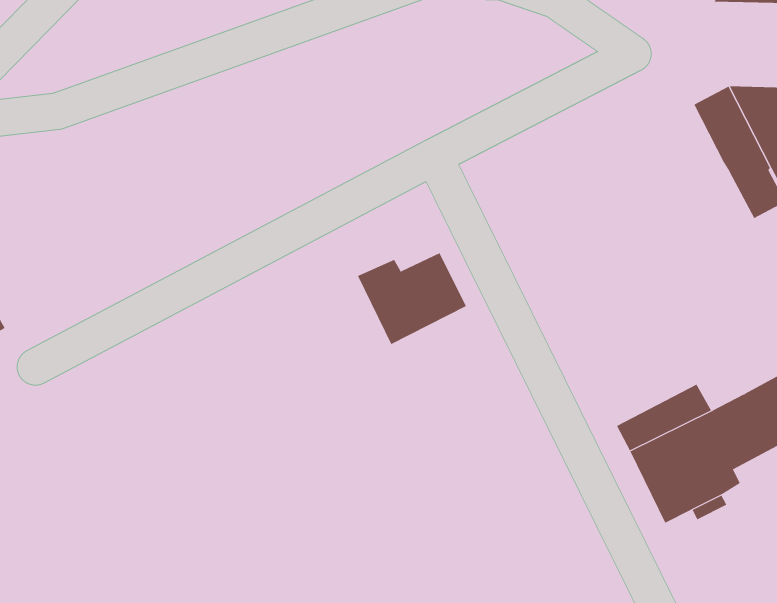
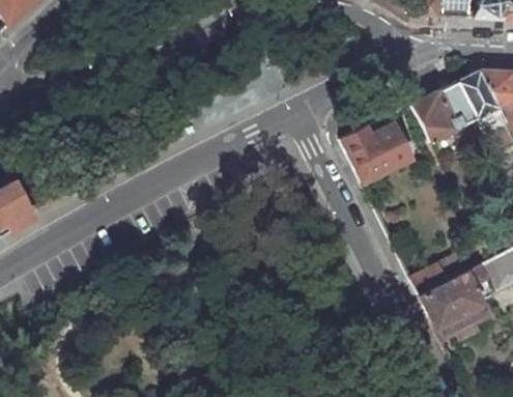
building: none -> [412,81,479,141]
building: [357,252,467,345] -> [343,123,410,180]

